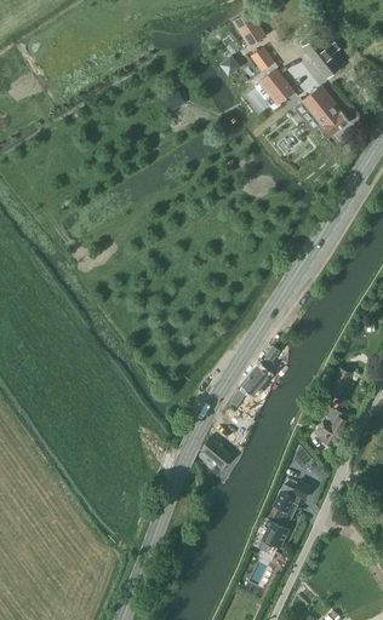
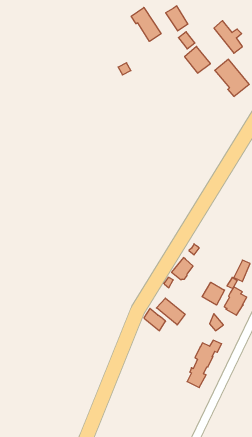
building: none -> [131,7,161,41]
building: none -> [202,282,225,305]
building: none -> [156,298,185,325]

